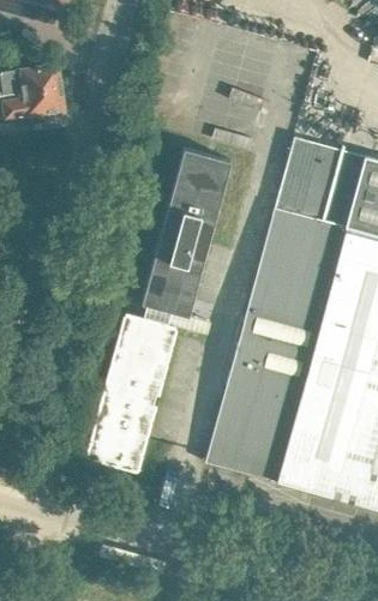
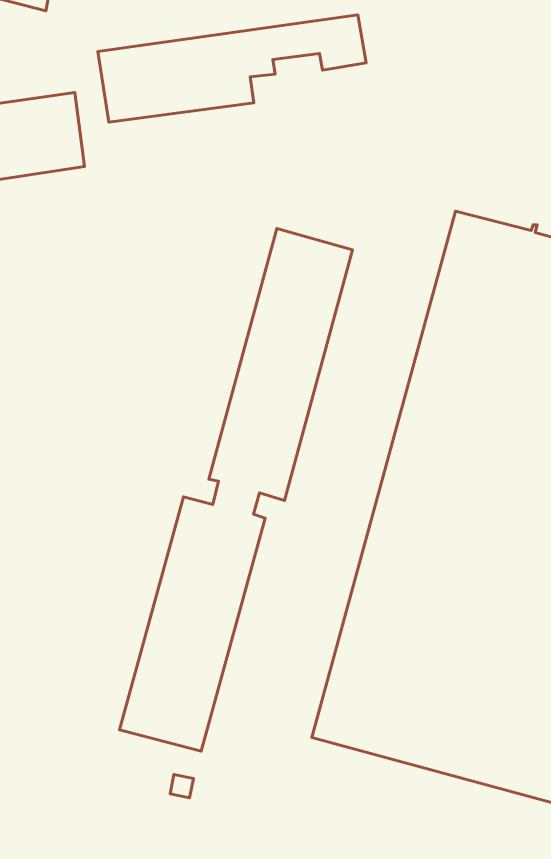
building: none -> [98,15,366,122]

